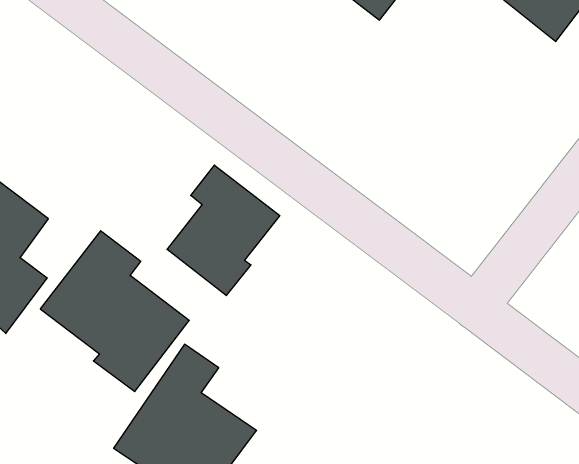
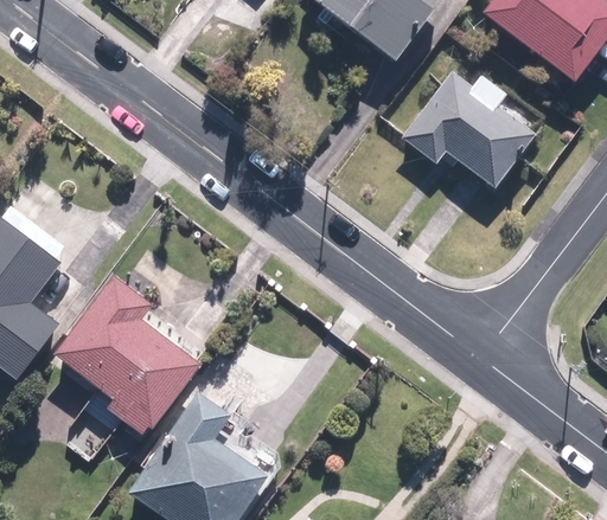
building: none -> [401,73,539,190]
building: [167,165,280,296] -> none

